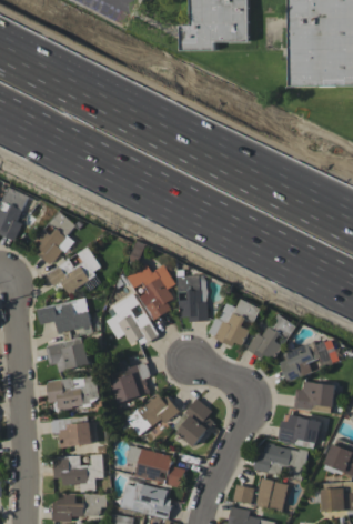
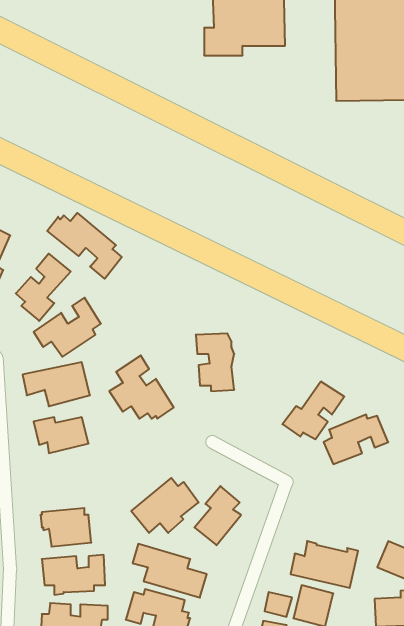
building: none -> [47,213,122,279]
building: [127,265,175,320] -> none
building: [208,300,260,346] -> none
building: [111,363,150,403] -> none
building: [46,374,99,410] -> none
building: [293,382,335,411] -> none
building: [278,414,321,444] -> none

